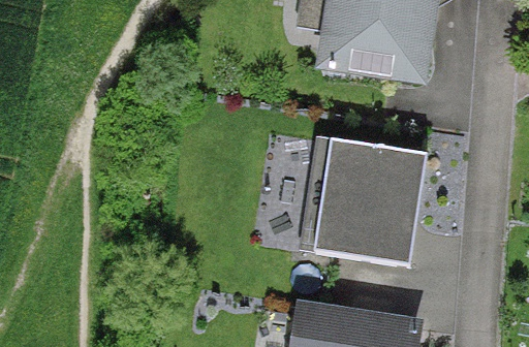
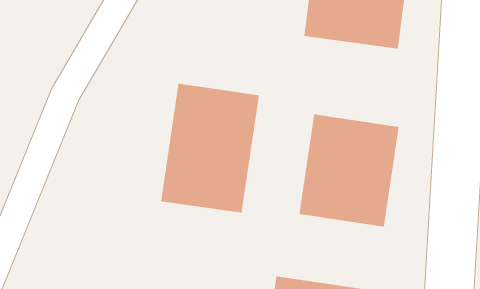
building: none -> [160,83,260,214]

